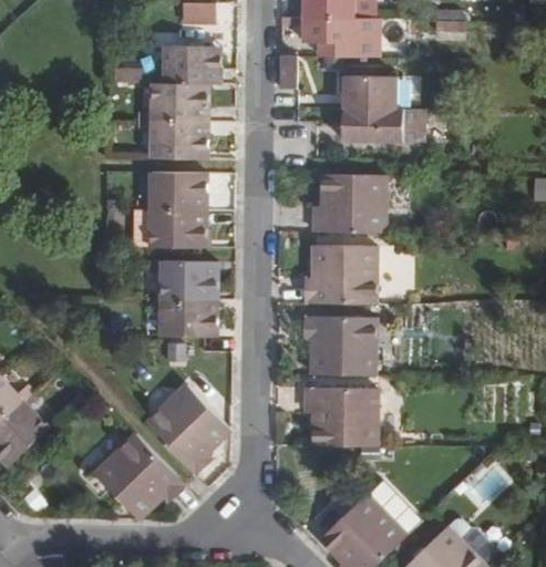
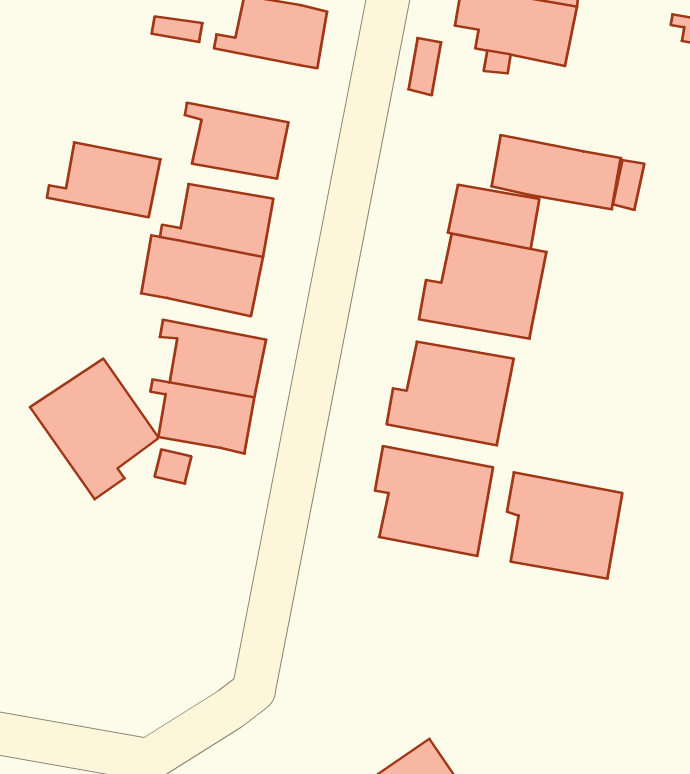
building: [342,75,396,107] -> [448,185,539,249]
building: [141,83,208,122] -> [47,142,161,217]
building: [145,385,229,475] -> [30,359,158,499]
building: [305,388,375,444] -> [507,472,622,578]
building: [93,434,185,518] -> none

